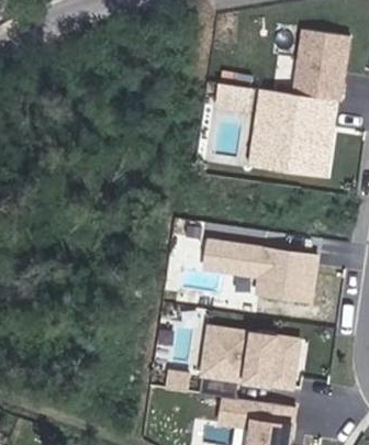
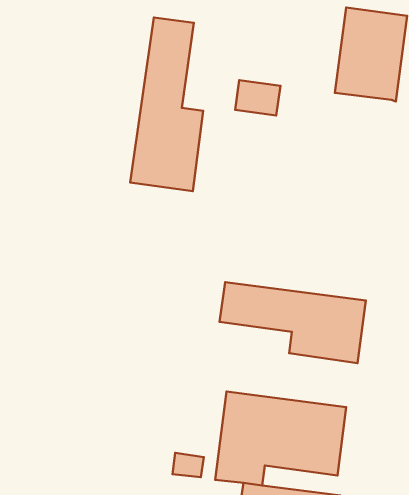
building: none -> [130,18,203,191]
building: [249,90,336,177] -> none

